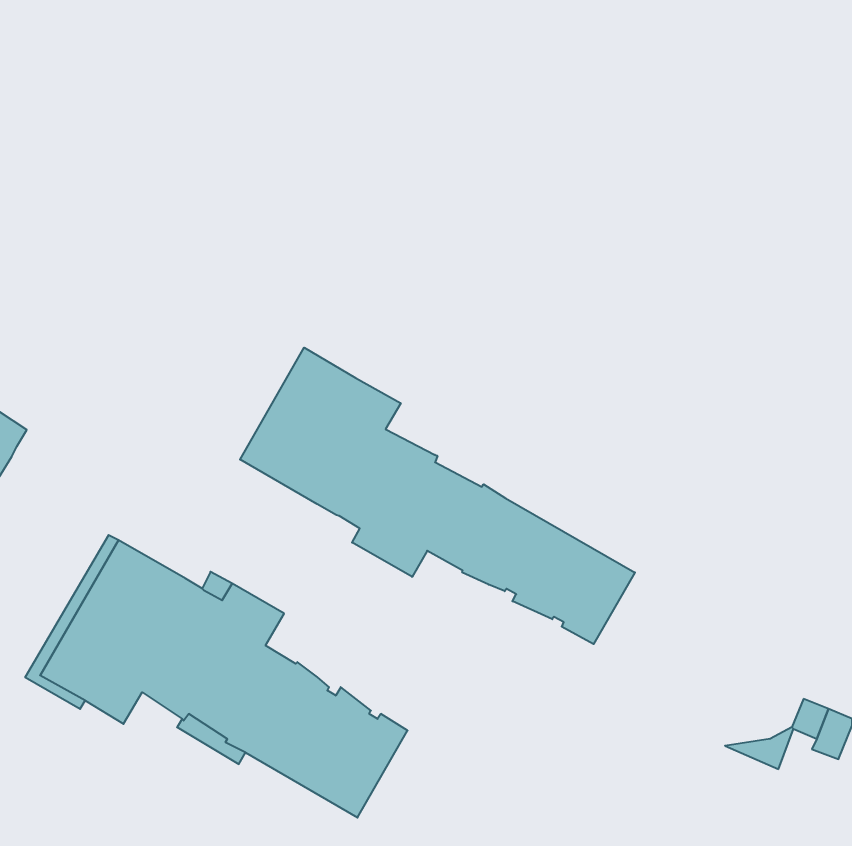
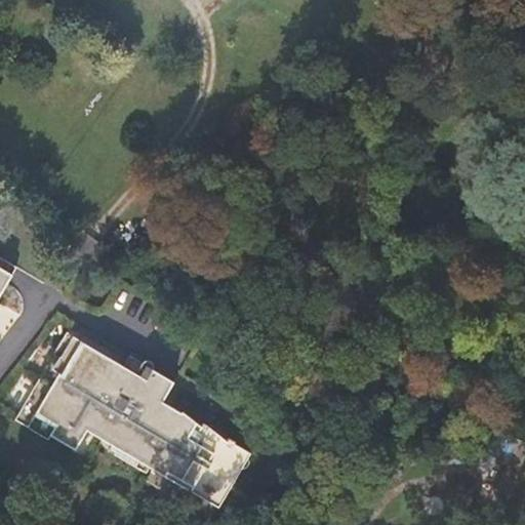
building: [240,348,635,644] -> none

